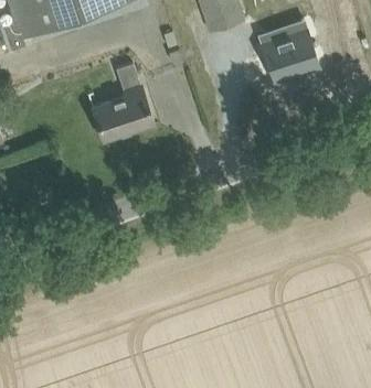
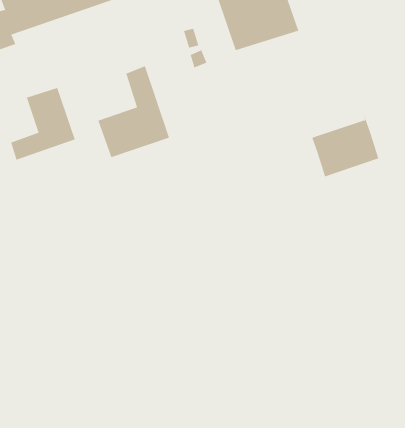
building: [261,25,318,77] -> [310,115,379,177]
building: none -> [11,87,75,161]

